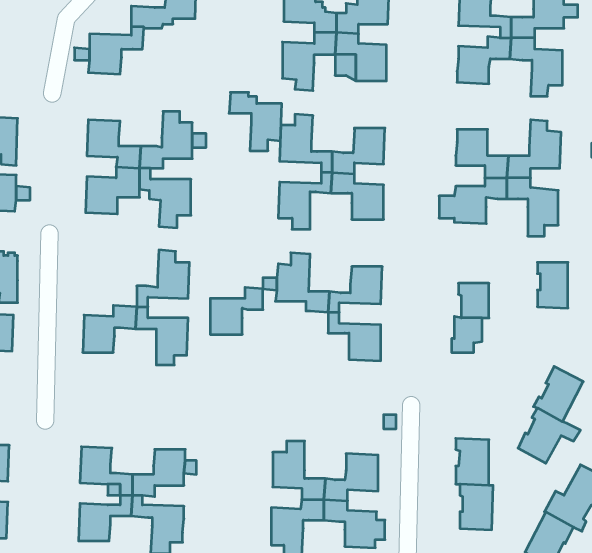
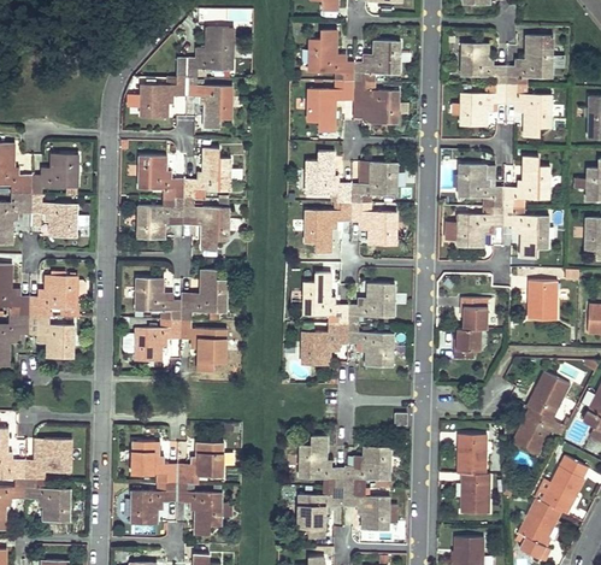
building: [229,92,282,151] -> [185,77,231,128]
building: none -> [135,278,181,319]
building: [210,287,263,334] -> [301,323,347,364]

